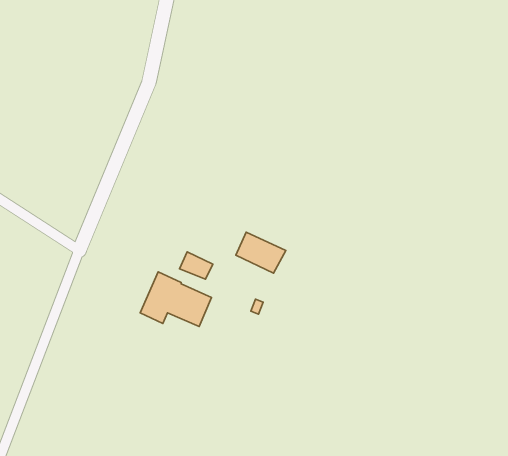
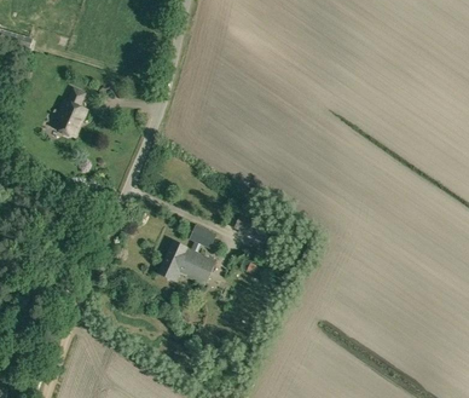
building: none -> [52,90,86,137]

